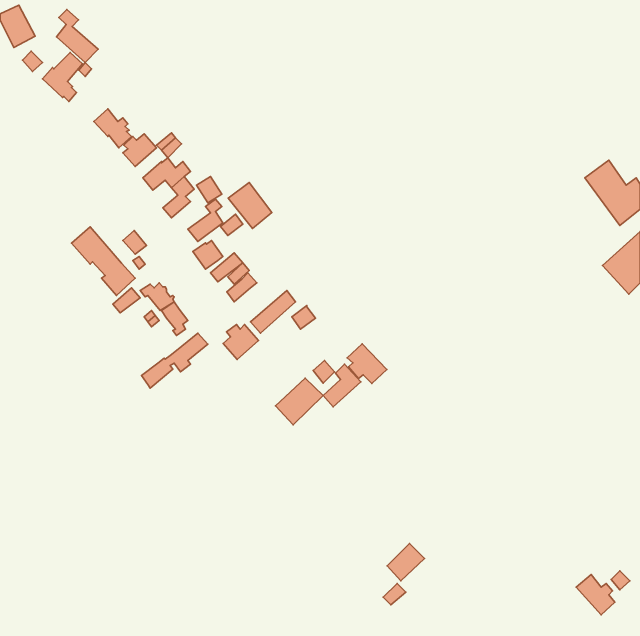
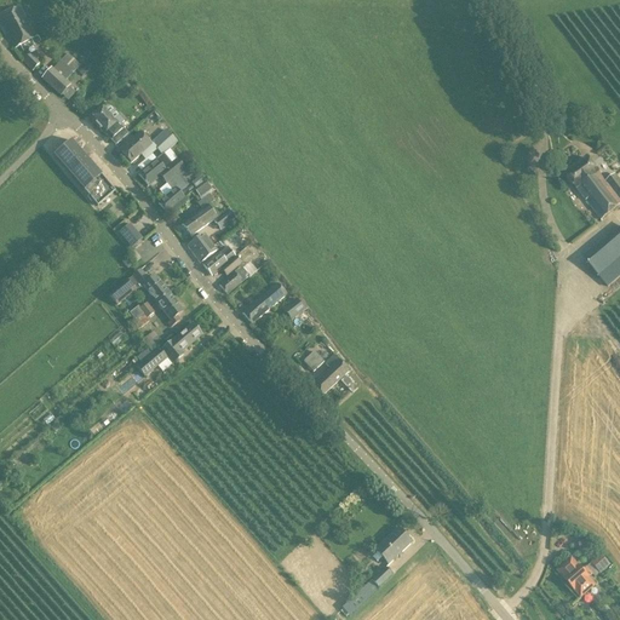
building: [56,10,98,63] -> none
building: [228,182,272,228] -> none
building: [71,227,135,296] -> [53,138,115,205]
building: [223,324,258,360] -> none
building: [347,344,387,383] -> none
building: [275,378,323,425] -> none

